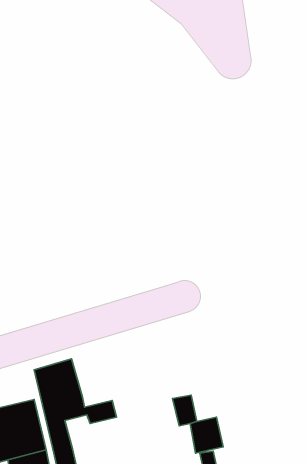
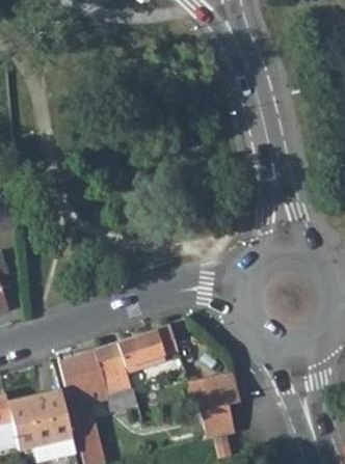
building: none -> [97,327,181,386]
building: none -> [210,374,244,409]

